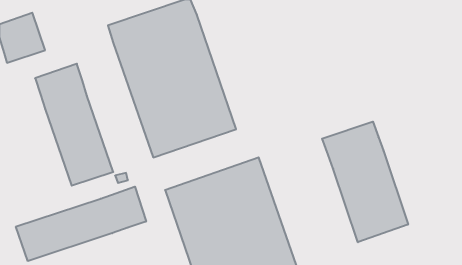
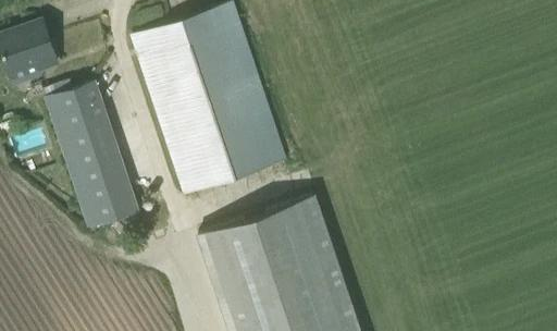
building: [322,122,408,242] -> none
building: [16,187,146,261] -> none

